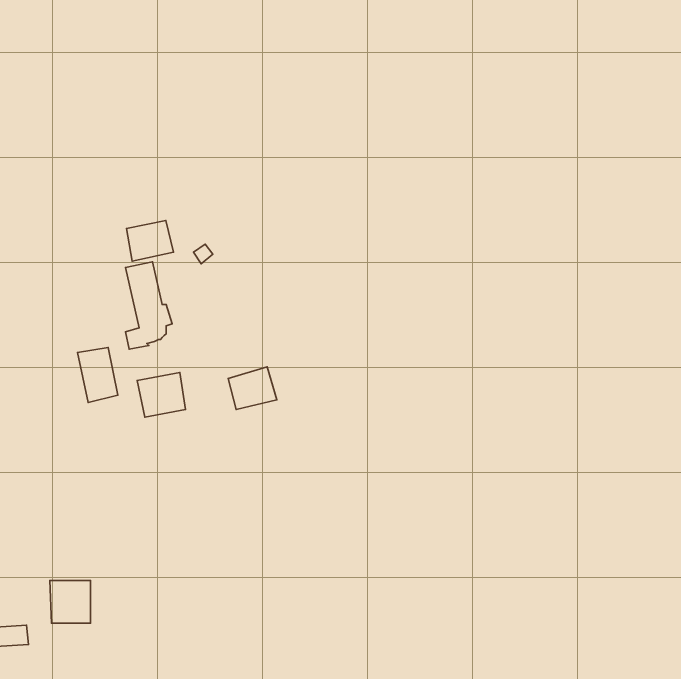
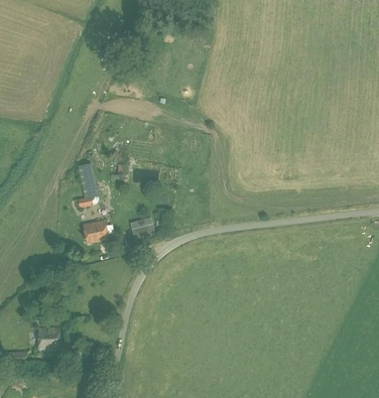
building: [126,220,173,261] -> none
building: [78,347,118,403] -> none

